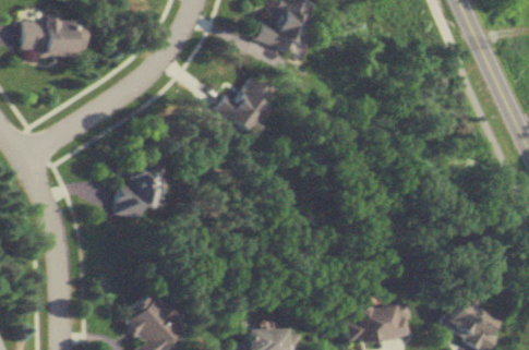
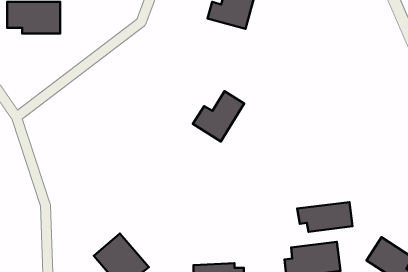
building: [215,75,275,134] -> [193,91,244,142]
building: [116,157,166,220] -> none
building: none -> [297,202,353,232]

